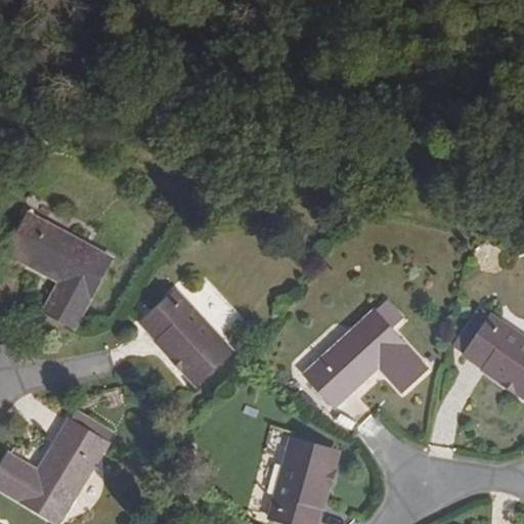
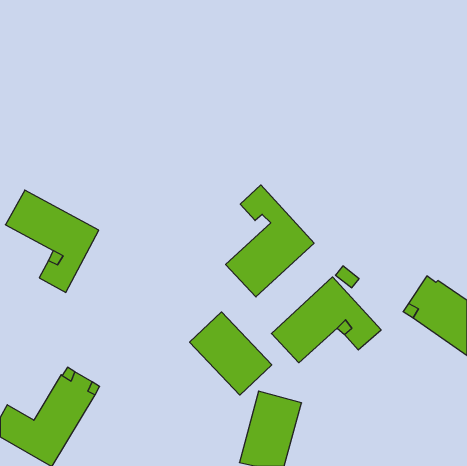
building: none -> [226,185,314,297]
building: [139,291,231,384] -> [190,312,272,395]

